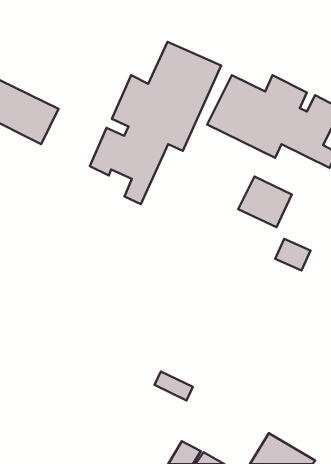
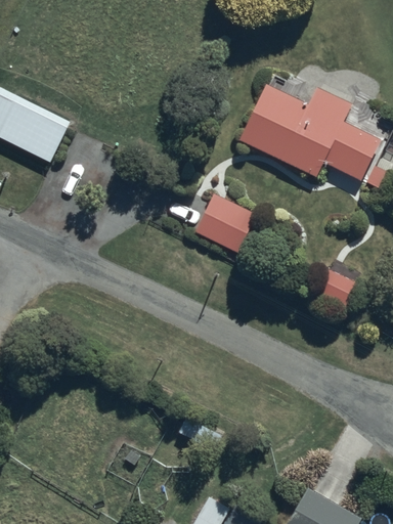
building: [90,42,221,204] -> none
building: [238,176,292,227] -> [195,194,256,252]

